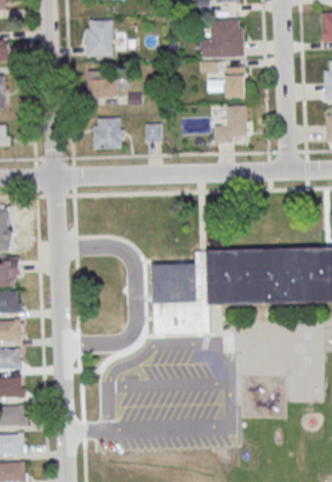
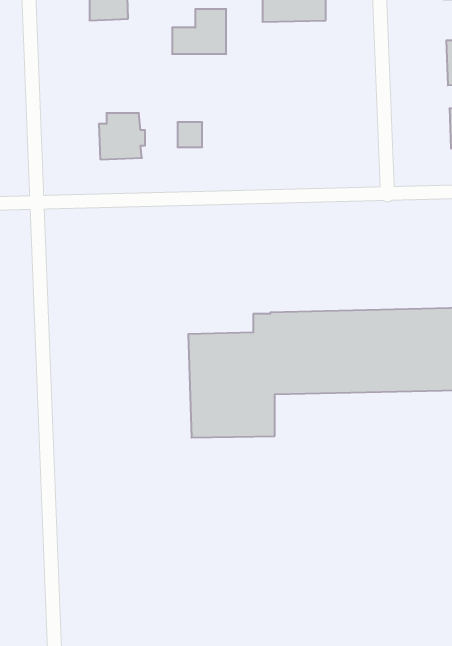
building: [208,67,244,96] -> [172,9,226,54]
building: [88,71,115,96] -> none
building: [213,105,245,143] -> none

